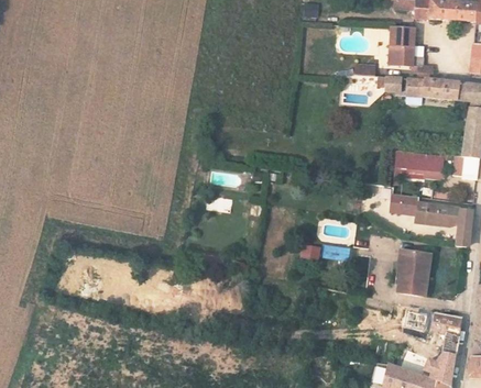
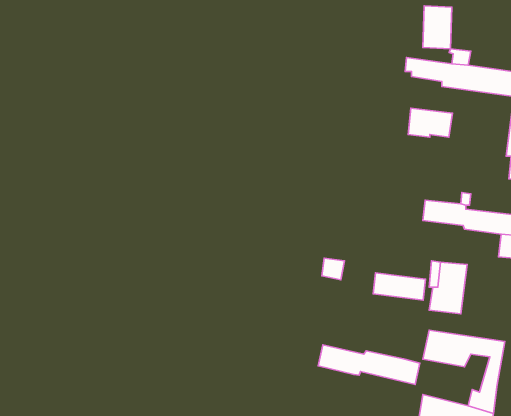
building: [405,152,444,177] -> [408,108,452,137]
building: none -> [373,273,425,300]
building: none -> [318,345,420,384]

